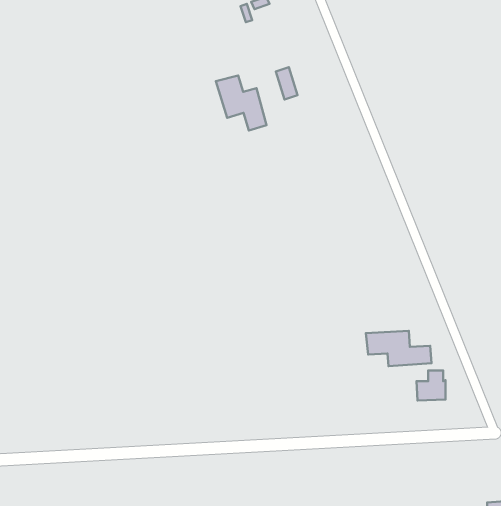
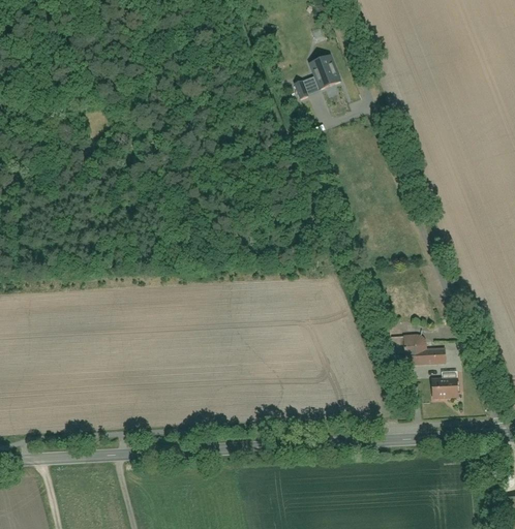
building: none -> [305,52,340,88]
building: [216,75,267,130] -> none

